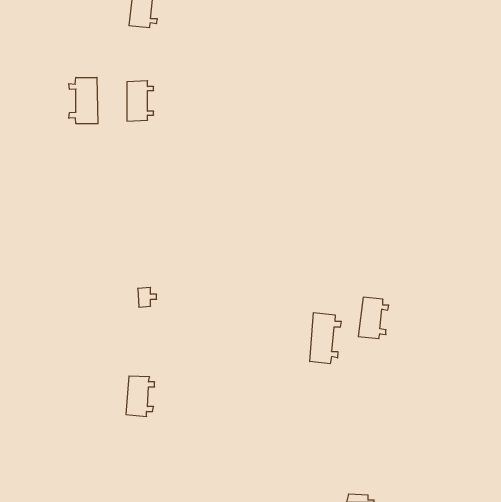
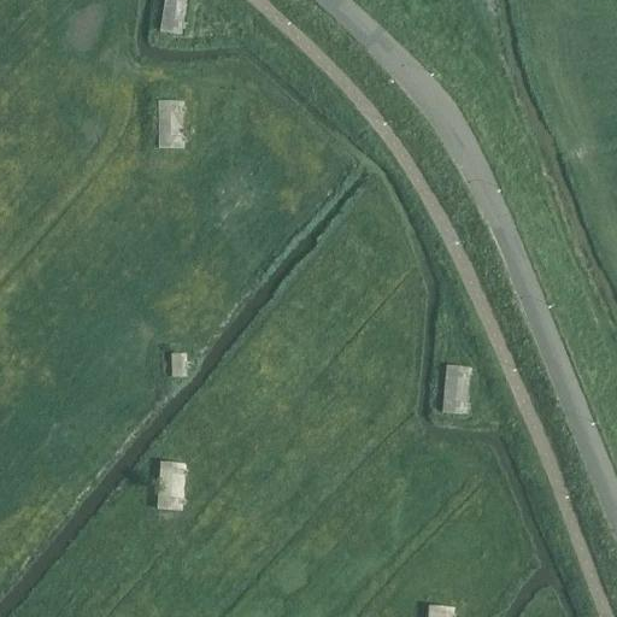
building: [69,77,98,124] -> none
building: [310,313,341,364] -> none

